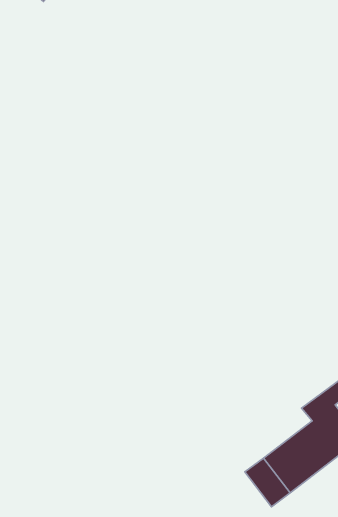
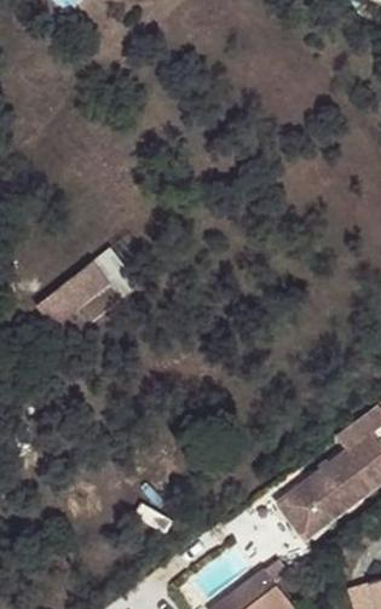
building: none -> [36,262,122,329]

